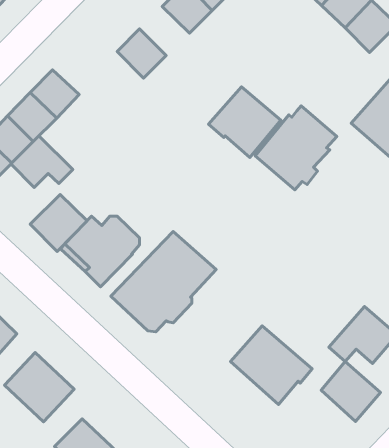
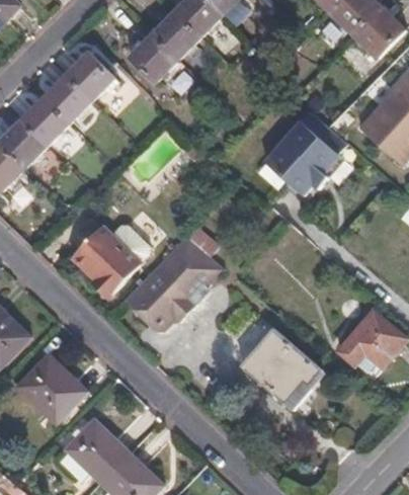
building: none -> [151,13,200,62]
building: none -> [65,52,113,100]
building: [208,87,281,158] -> none
building: [11,136,73,188] -> none
building: [30,195,87,252] -> none
building: [321,362,381,421] -> none

